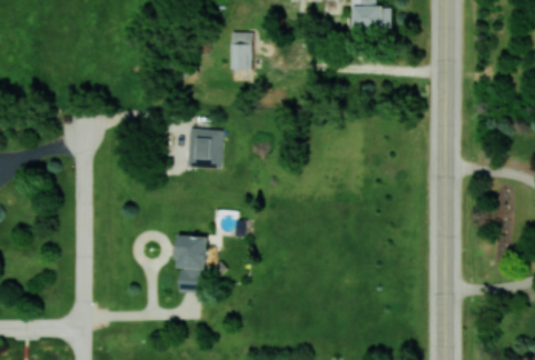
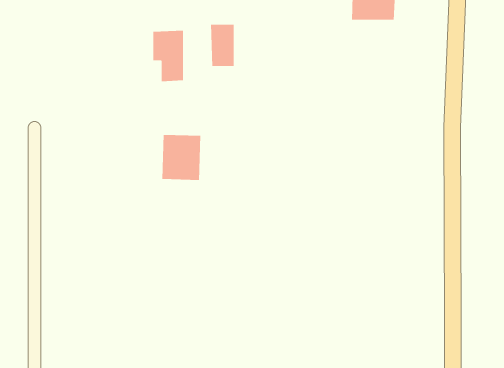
building: none -> [153,30,183,82]
building: [178,236,207,291] -> none

